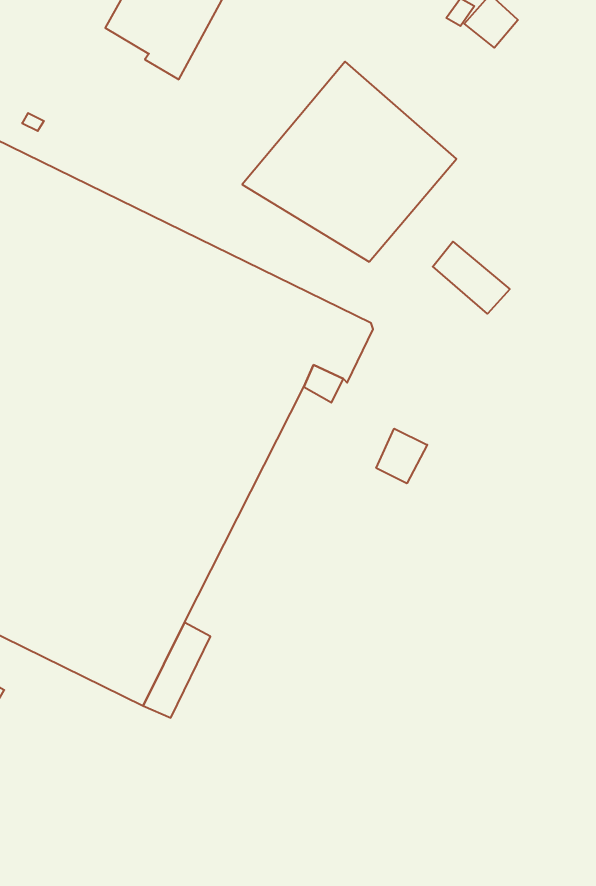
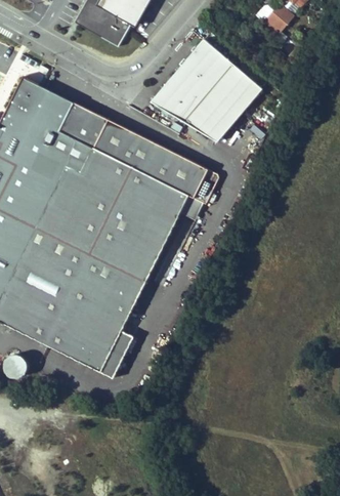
building: [433,242,510,314] -> none
building: [376,429,427,483] -> none

